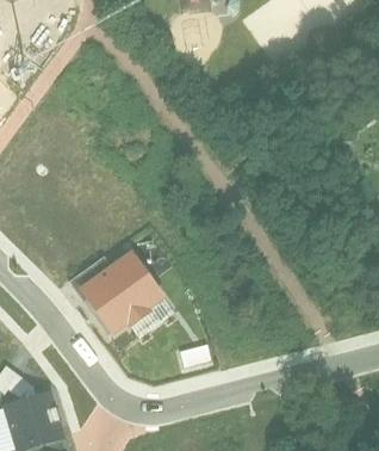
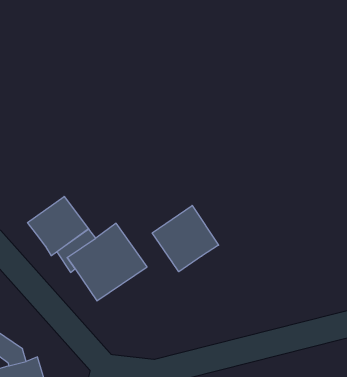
building: none -> [28,196,89,256]
building: none -> [152,205,219,272]

